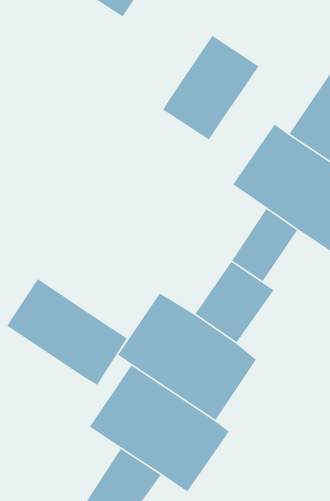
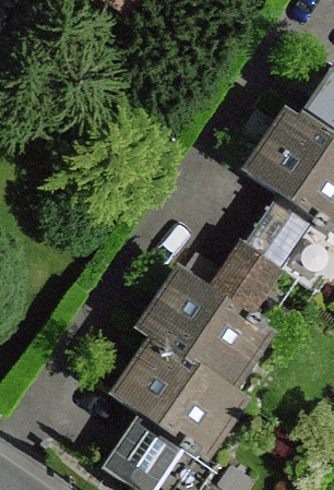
building: [162,35,260,141] -> none
building: [6,278,128,386] -> none

